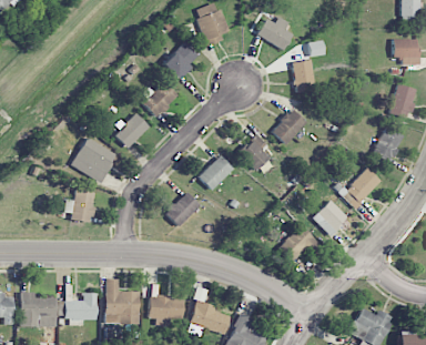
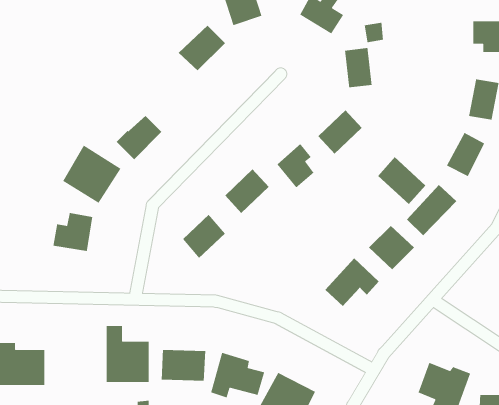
building: [143,80,179,115] -> none
building: none -> [377,156,426,205]
building: [64,292,98,323] -> none

